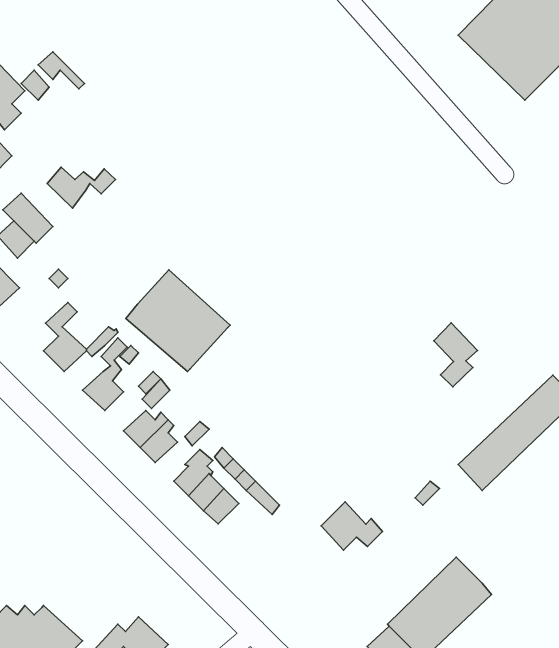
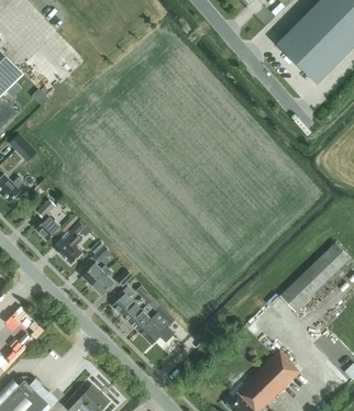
building: [47,167,115,208] -> none
building: [126,270,230,372] -> none
building: [434,323,478,387] -> none
building: [321,502,382,550] -> [139,316,175,345]

